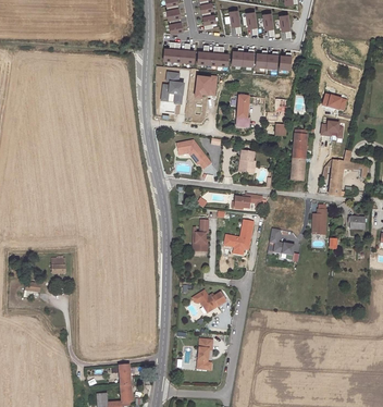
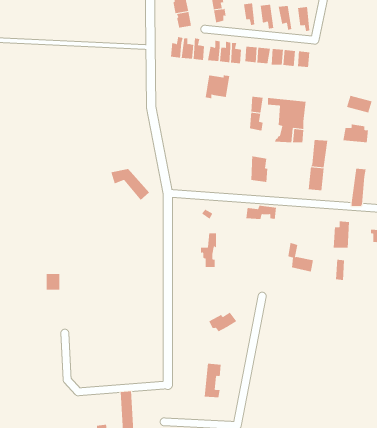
building: [162,71,184,103] -> none
building: [175,140,211,170] -> [110,169,150,201]
building: [222,220,251,250] -> none

